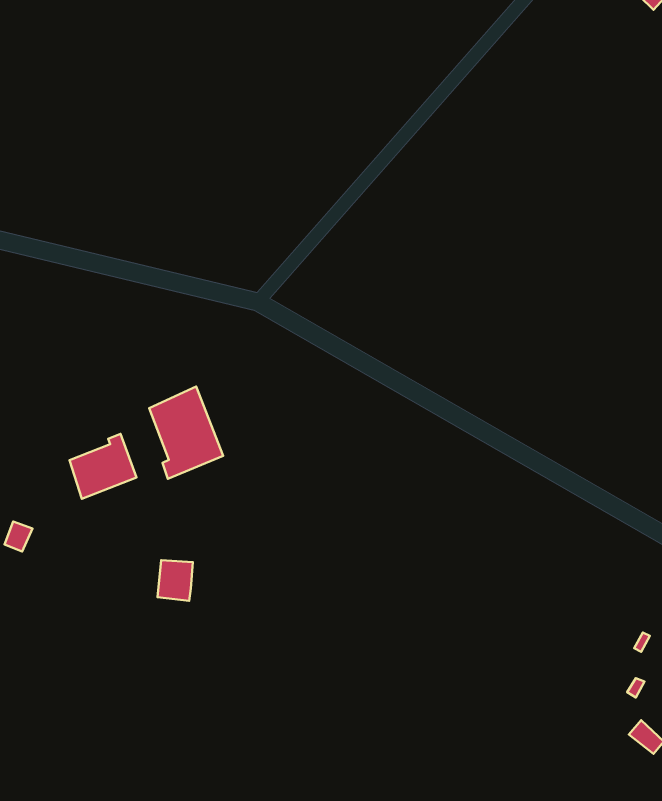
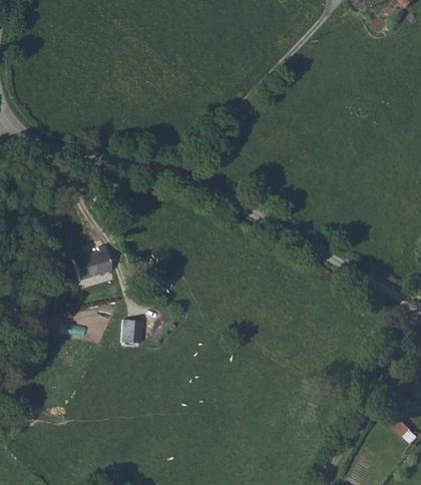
building: [149,387,223,479] -> none

